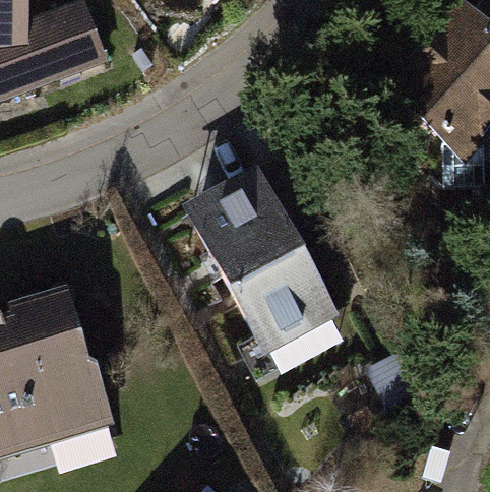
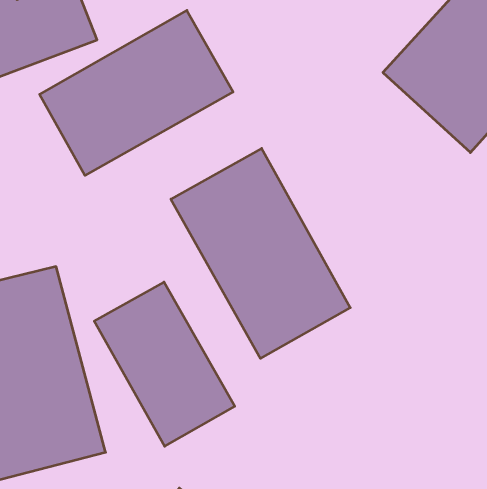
building: none -> [40,10,233,175]
building: none -> [94,282,235,446]

